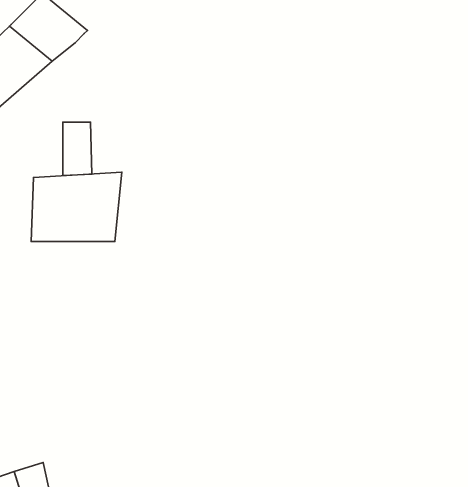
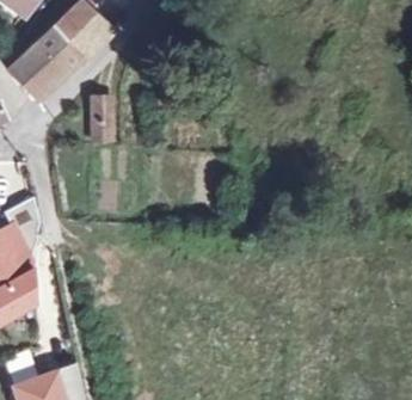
building: [31,172,122,242] -> none

